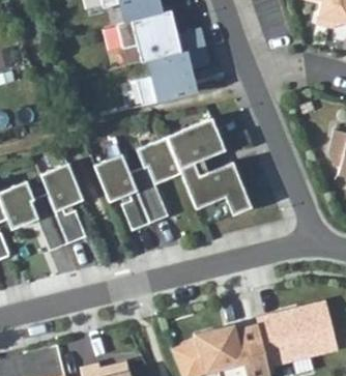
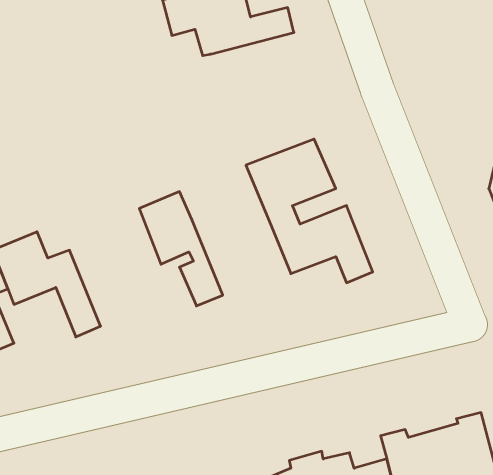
building: [131,47,202,107] -> none
building: [129,136,181,223] -> none
building: [40,163,86,243] -> none

